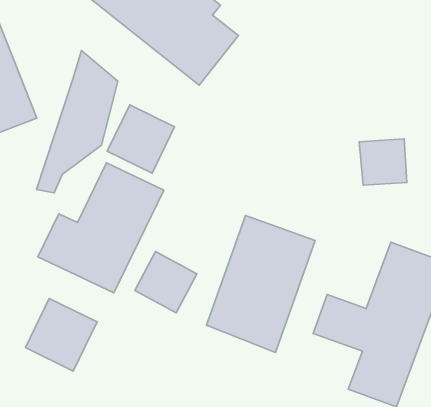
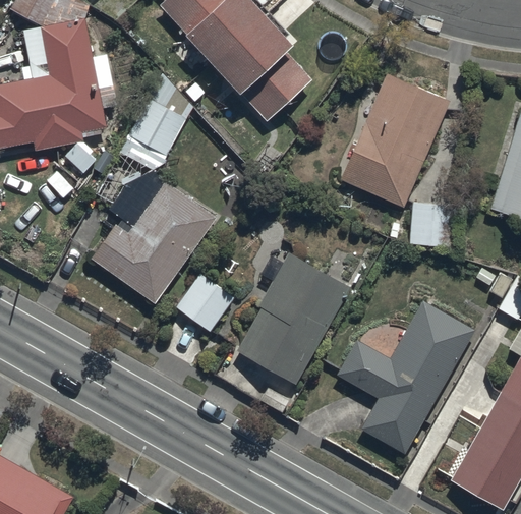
building: none -> [340,73,450,206]
building: [107,105,174,173] -> none
building: [26,298,97,371] -> none

